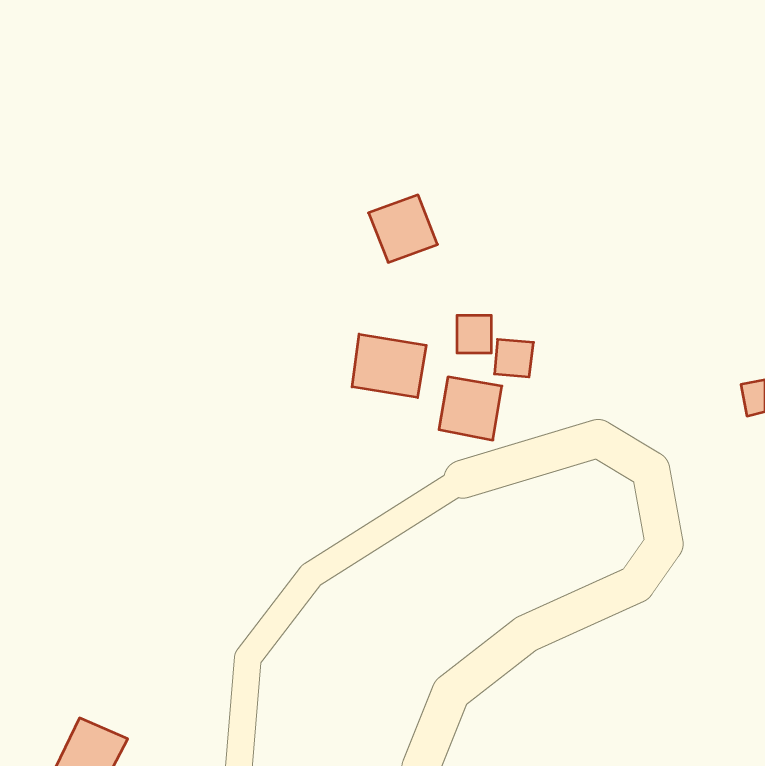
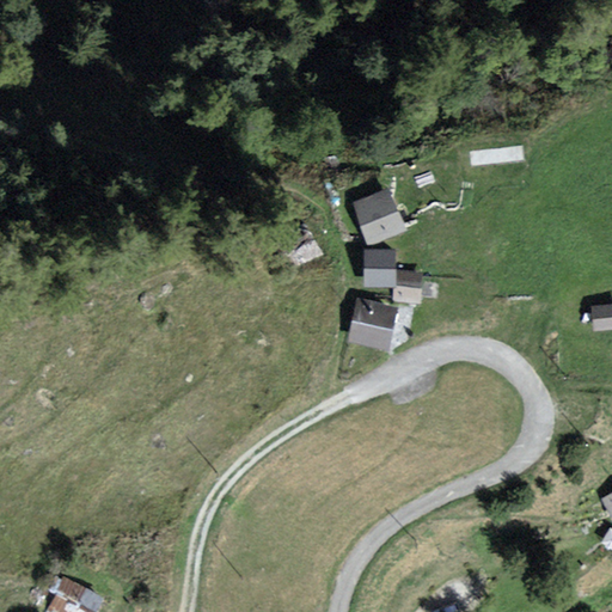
building: [368,195,438,262] -> [351,189,406,243]
building: [352,334,426,398] -> none

